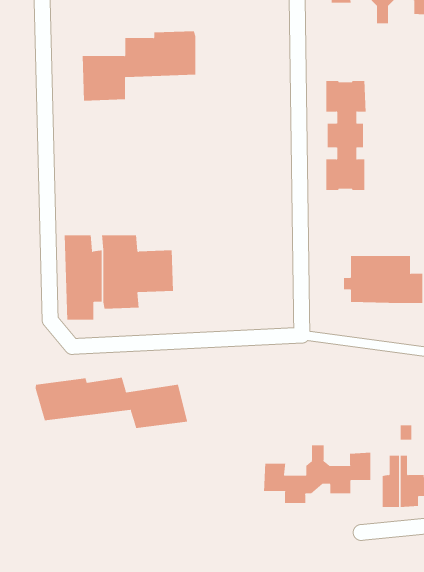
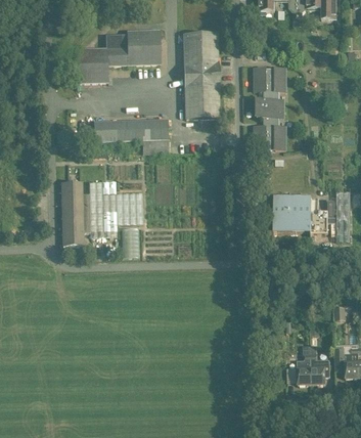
building: none -> [182,32,219,118]
building: none -> [93,119,168,151]
building: [35,377,188,429] -> none
building: [263,445,371,504] -> none

